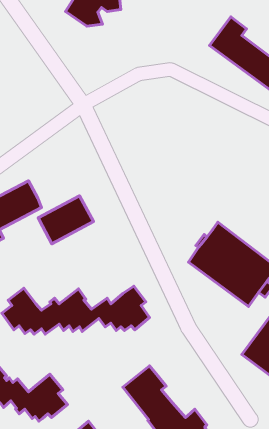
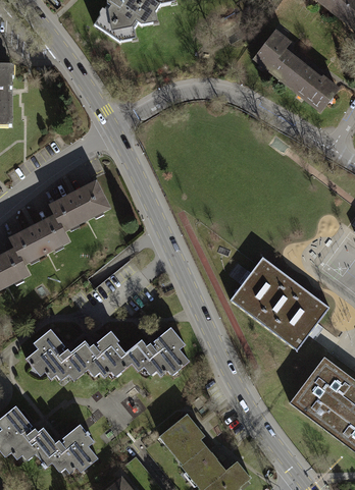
building: [38,196,93,244] -> [49,177,110,230]

